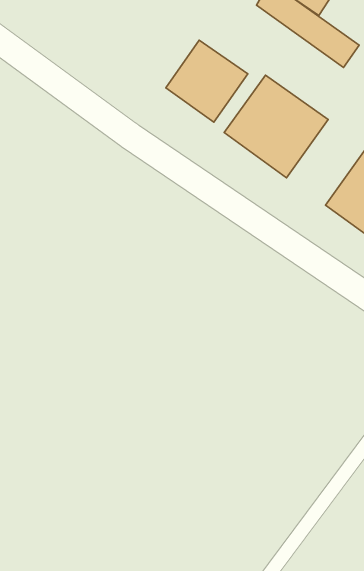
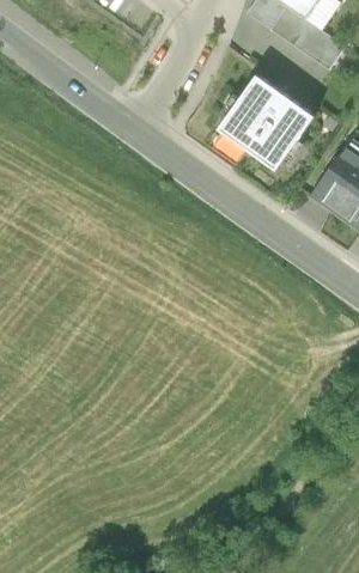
building: [166,40,248,122] -> none

